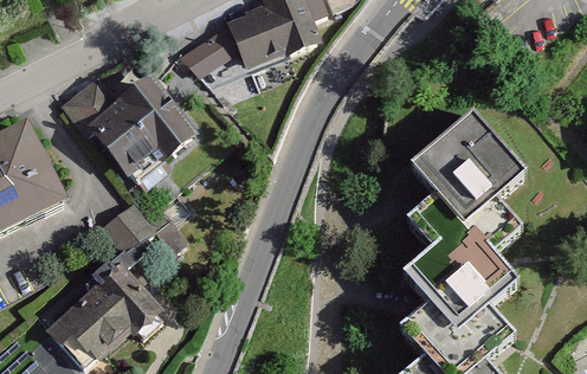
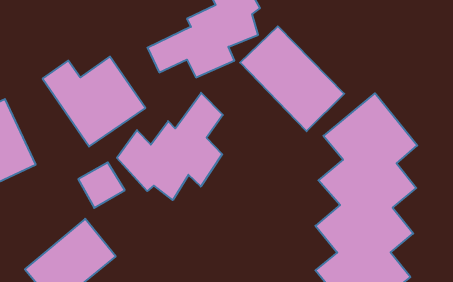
building: none -> [240,26,344,131]
building: none -> [117,93,223,200]

